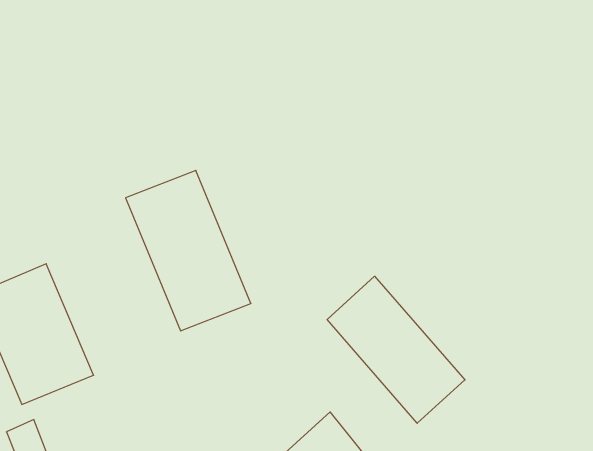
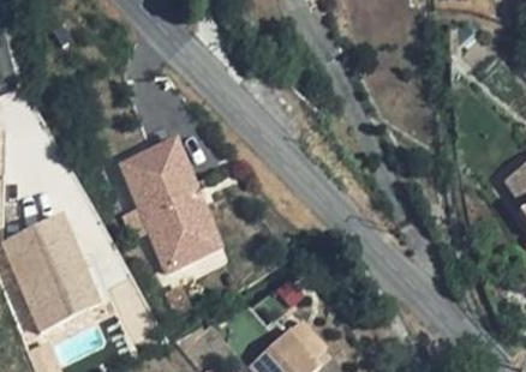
building: [327,276,465,423] -> none

